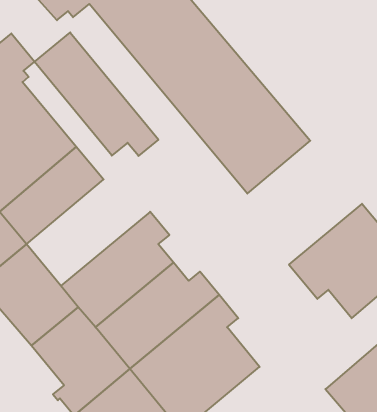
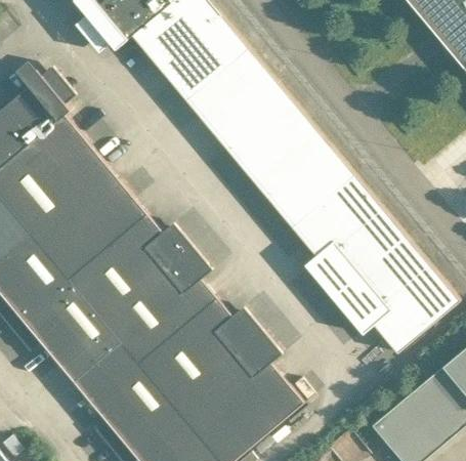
building: [35,32,158,156] -> none
building: none -> [292,174,408,299]
building: none -> [69,213,194,321]

